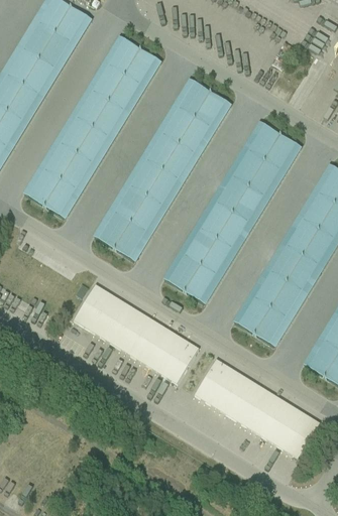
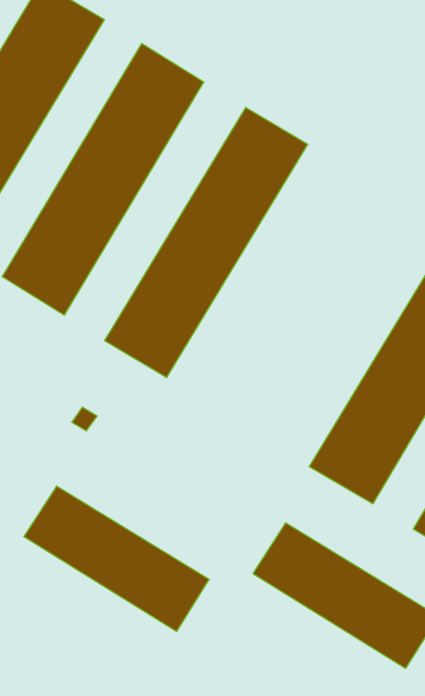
building: [163,120,302,304] -> none
building: [74,285,200,384] -> [24,486,209,632]

